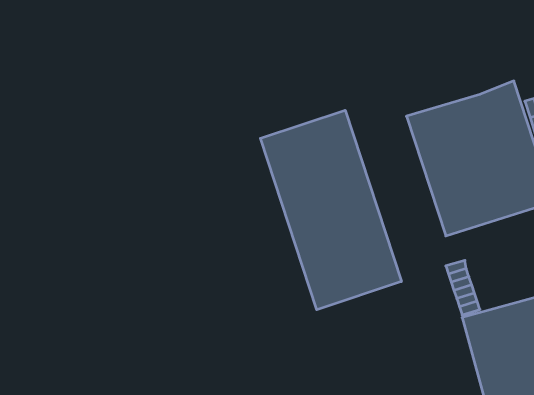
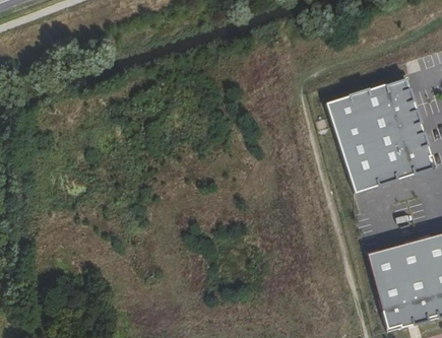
building: [260,110,401,310] -> none

